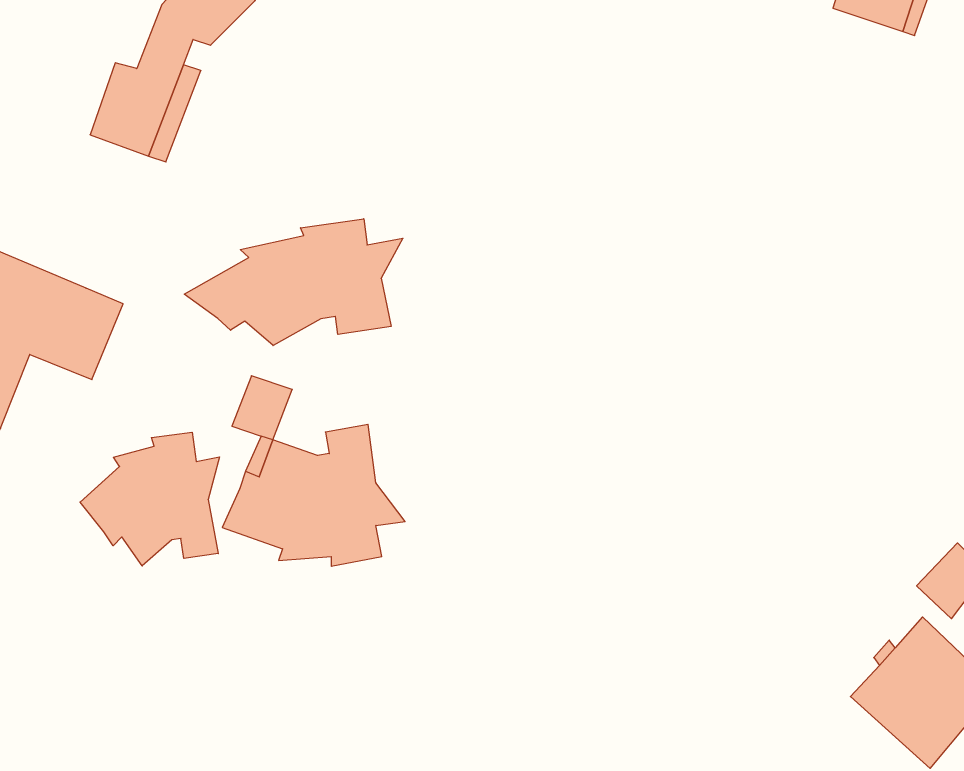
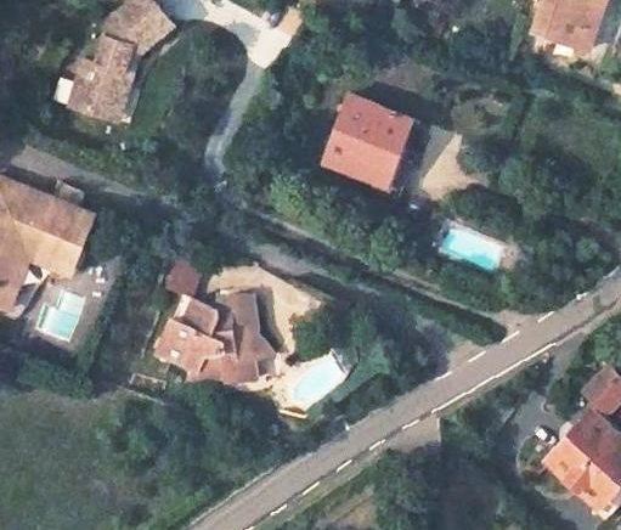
building: none -> [321,95,418,199]
building: [184,219,403,346] -> none
building: [80,432,219,566] -> none

